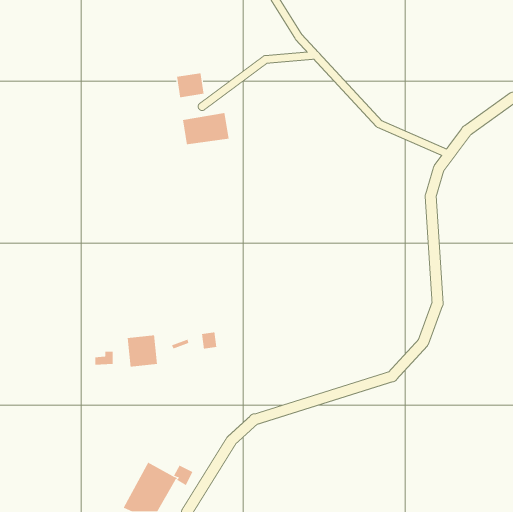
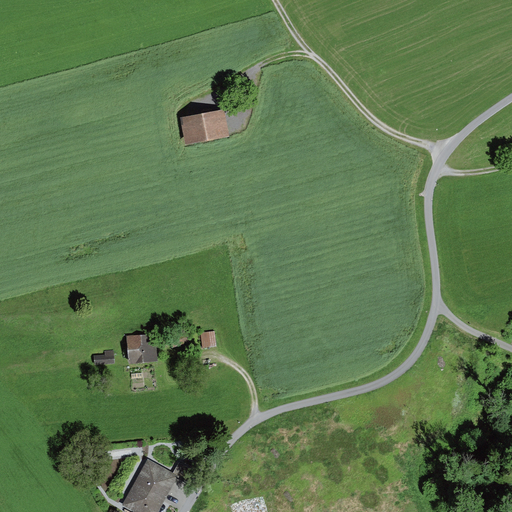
building: [177,73,204,98] -> none

